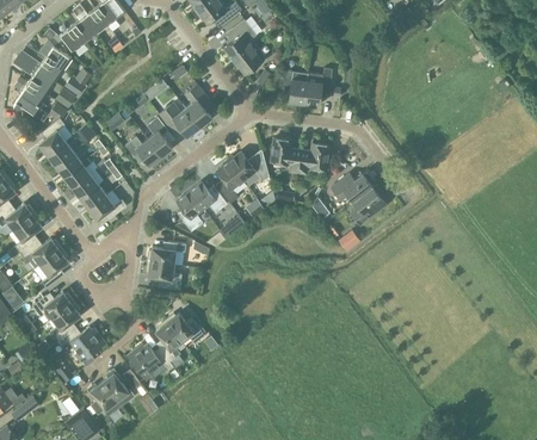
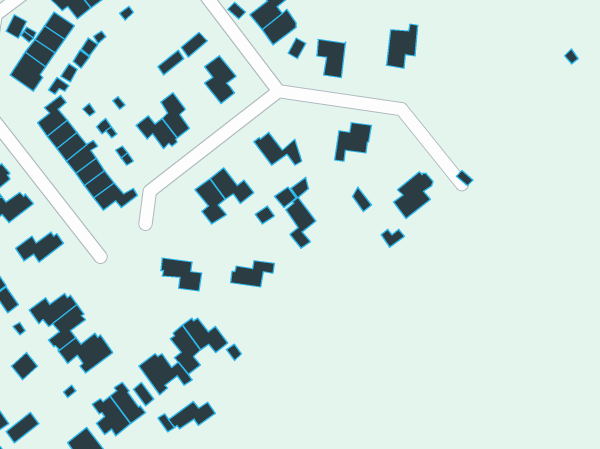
building: [303,68,331,106] -> [386,24,418,68]
building: [158,103,198,136] -> none
building: [271,138,301,175] -> none
building: [216,160,242,204] -> [286,198,316,248]
building: [329,174,372,202] -> none
building: [13,213,41,253] -> none
building: [147,242,185,265] -> [231,261,274,287]
building: [39,248,67,287] -> none
building: none -> [169,401,215,429]

